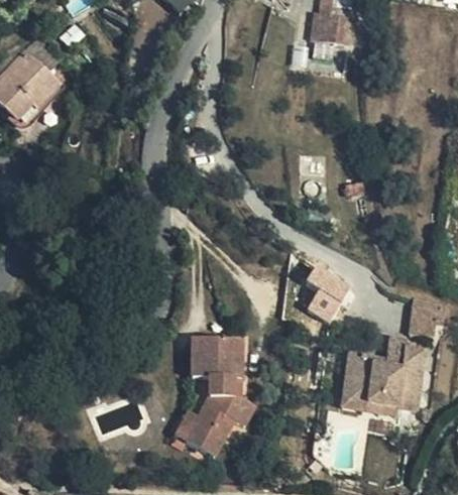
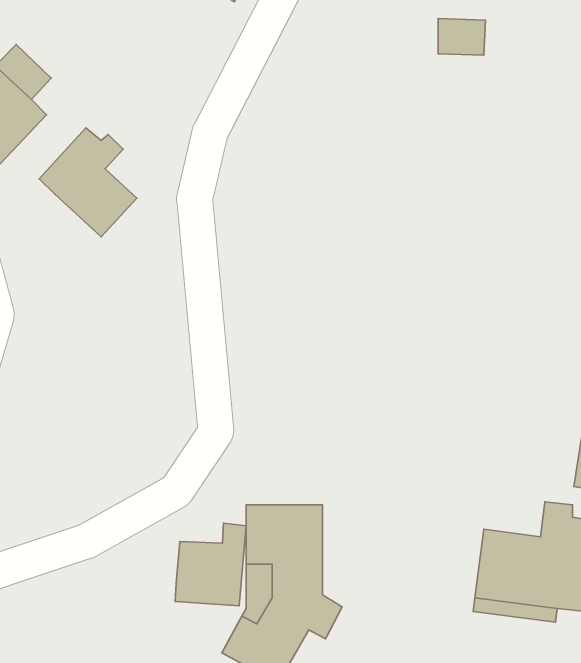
building: none -> [39,128,137,237]
building: [308,260,353,320] -> none
building: none -> [175,523,246,606]

